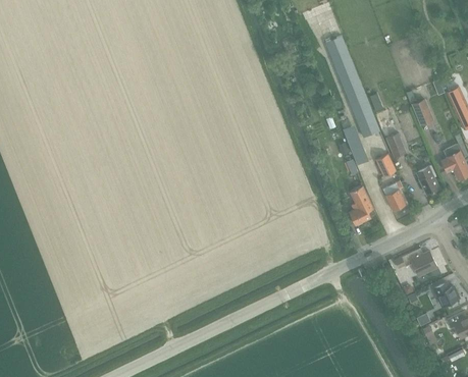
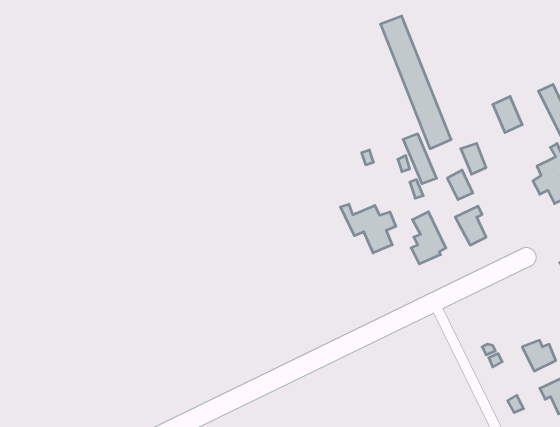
building: [417,165,439,195] -> none
building: none -> [340,204,396,253]
building: [396,249,437,277] -> none

